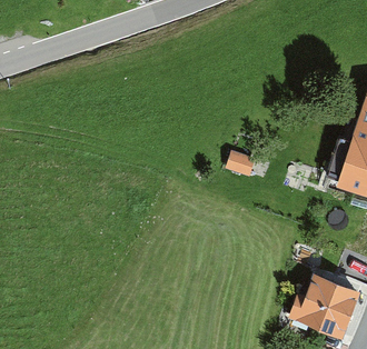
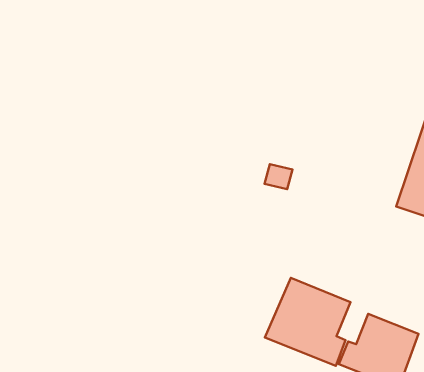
building: none -> [265,278,350,366]

